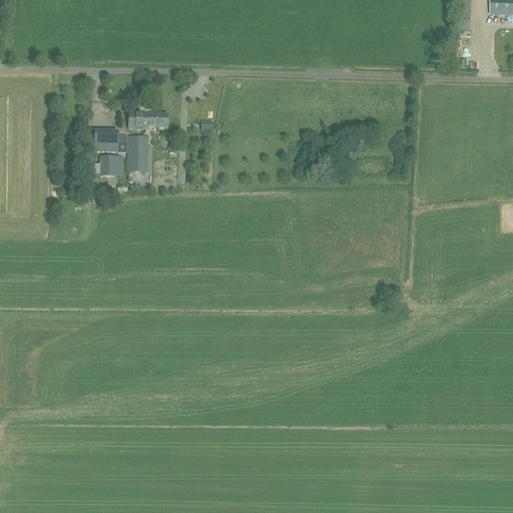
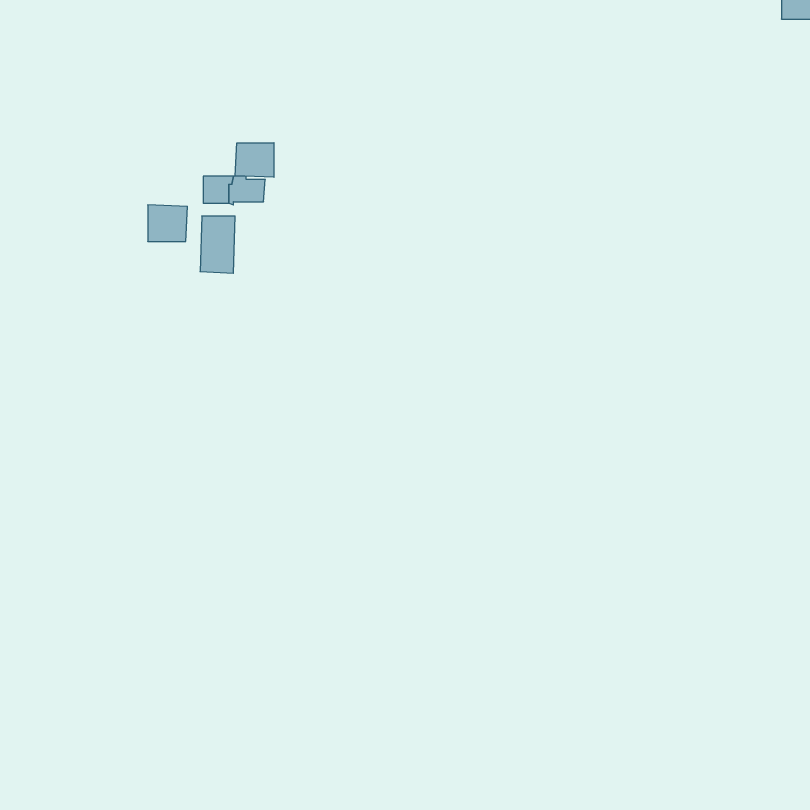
building: none -> [235,143,274,177]
building: [99,155,122,176] -> none

